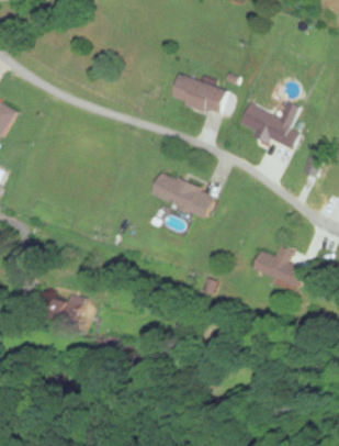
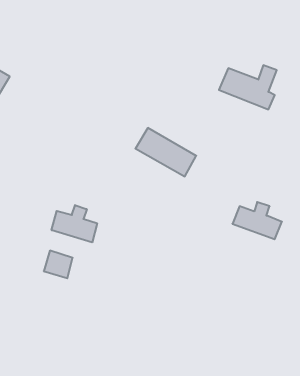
building: [169,75,227,115] -> none
building: none -> [52,205,97,242]

